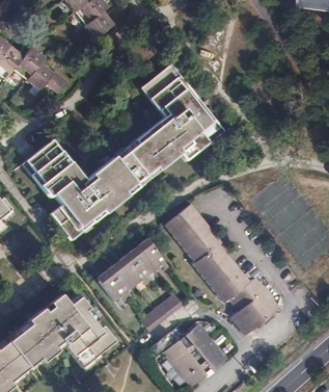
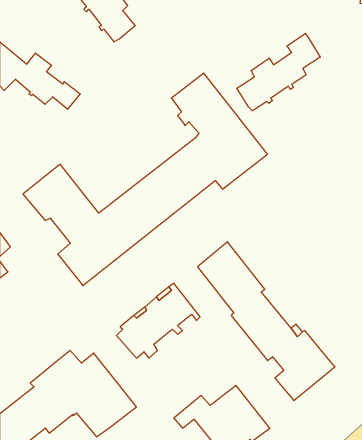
building: none -> [237,33,320,111]
building: [140,292,183,331] -> none

